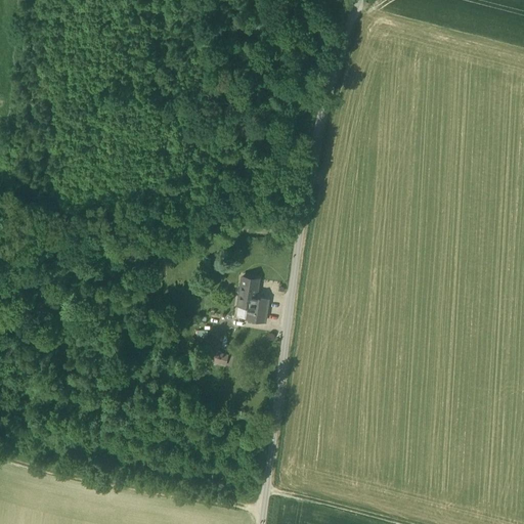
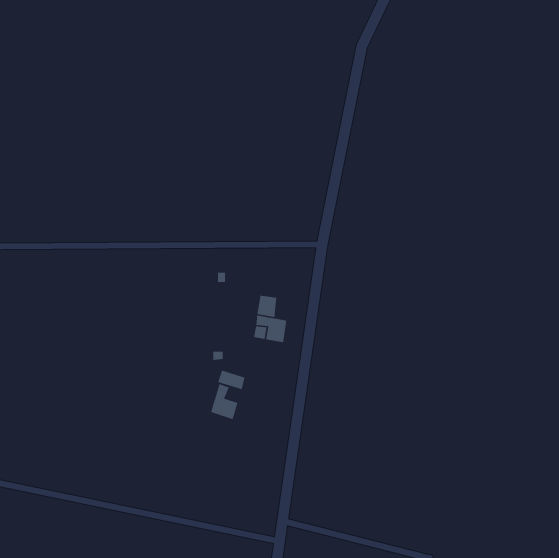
building: none -> [210,383,239,420]

